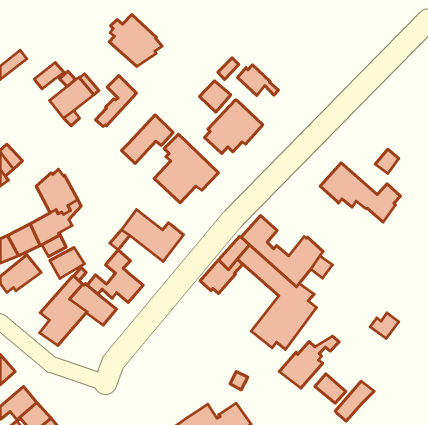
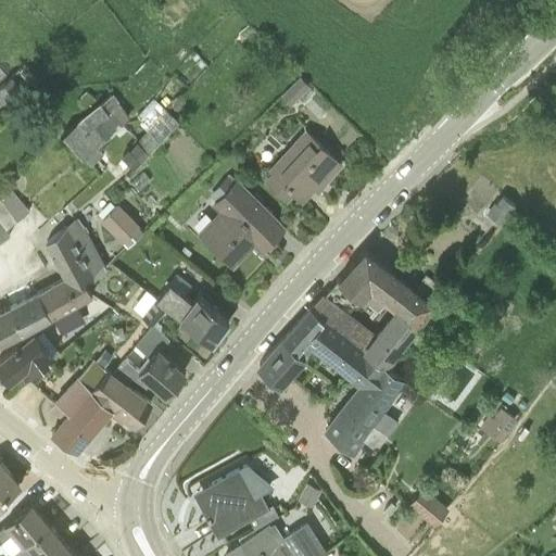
building: [109,14,162,67] -> none
building: [35,62,64,89] -> none
building: [237,65,278,95] -> none
building: [199,81,231,112] -> none
building: [121,115,173,164] -> none
building: none -> [100,206,142,248]
building: [320,163,401,222] -> [338,253,442,330]
building: [50,248,85,279] -> none
building: [279,336,339,388] -> none
building: none -> [200,469,273,536]
building: [335,381,374,421] -> none

